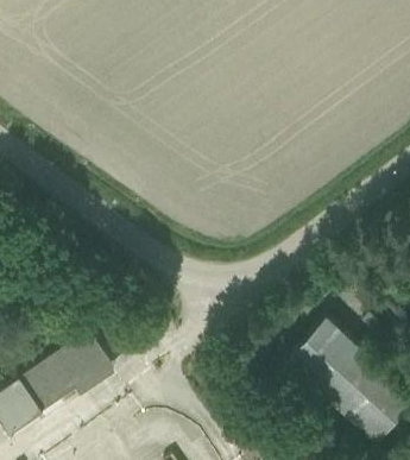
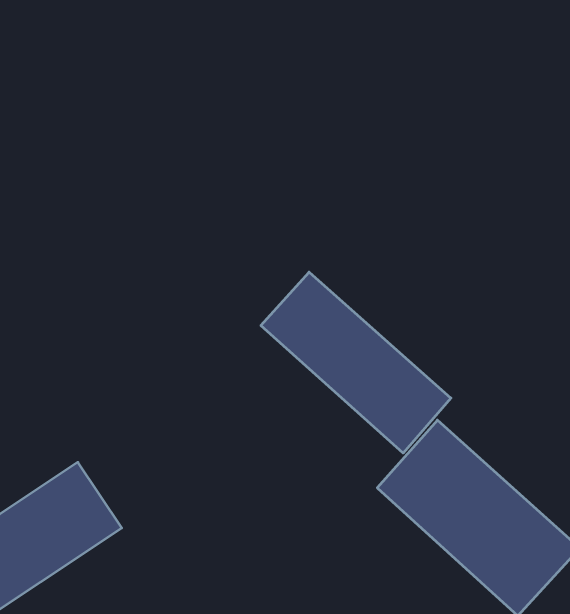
building: none -> [261,272,451,453]

